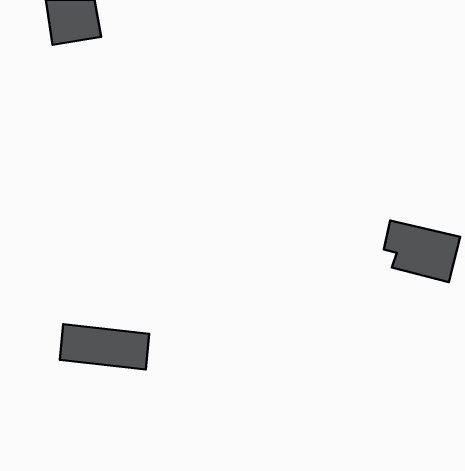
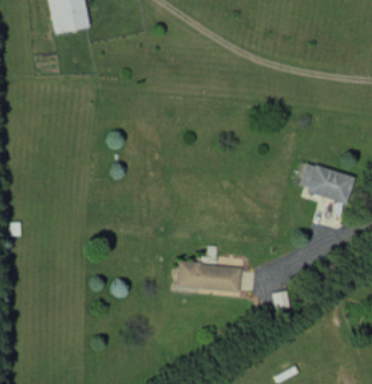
building: [60,324,149,370] -> [176,261,242,294]

